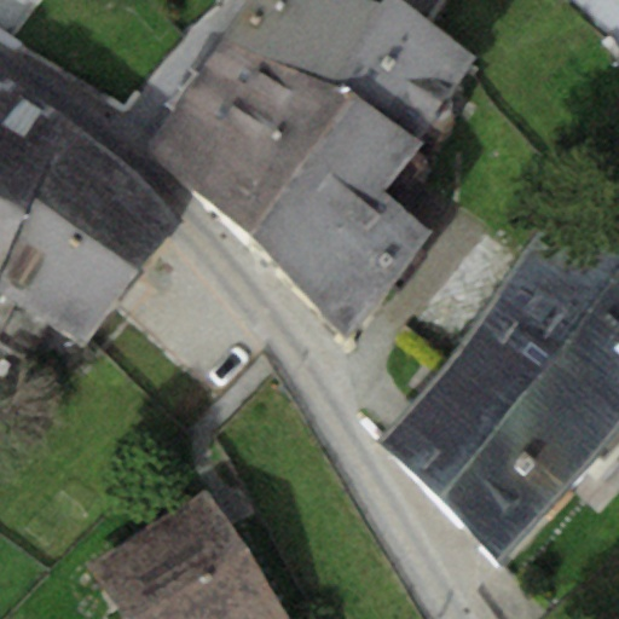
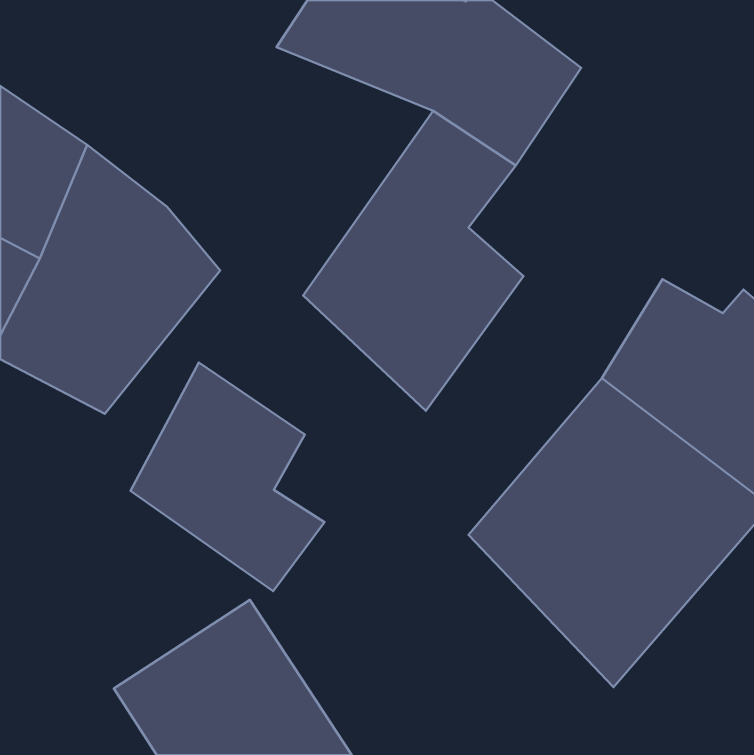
building: [151,39,355,242] -> none
building: none -> [131,362,324,591]

